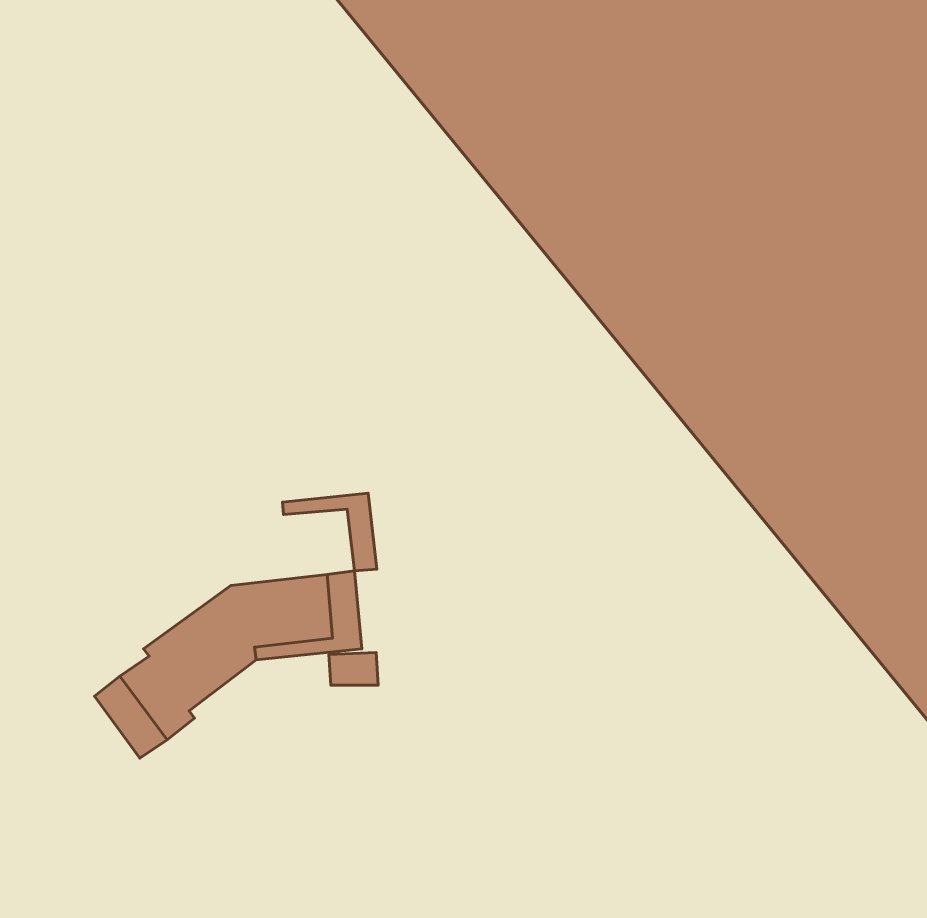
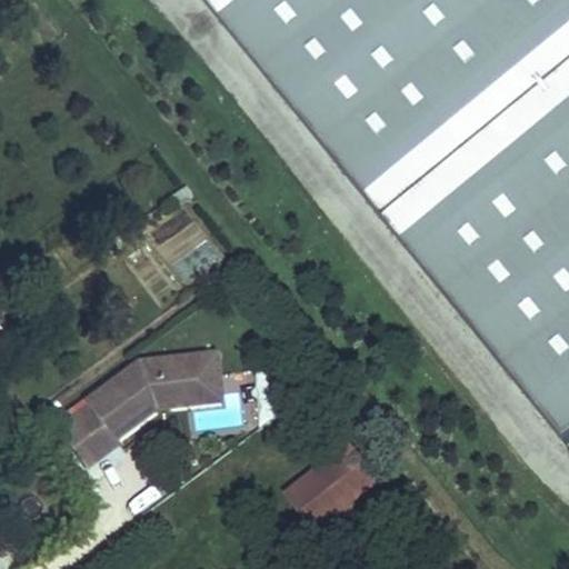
building: [283,493,377,571] -> none
building: none -> [289,440,381,525]

